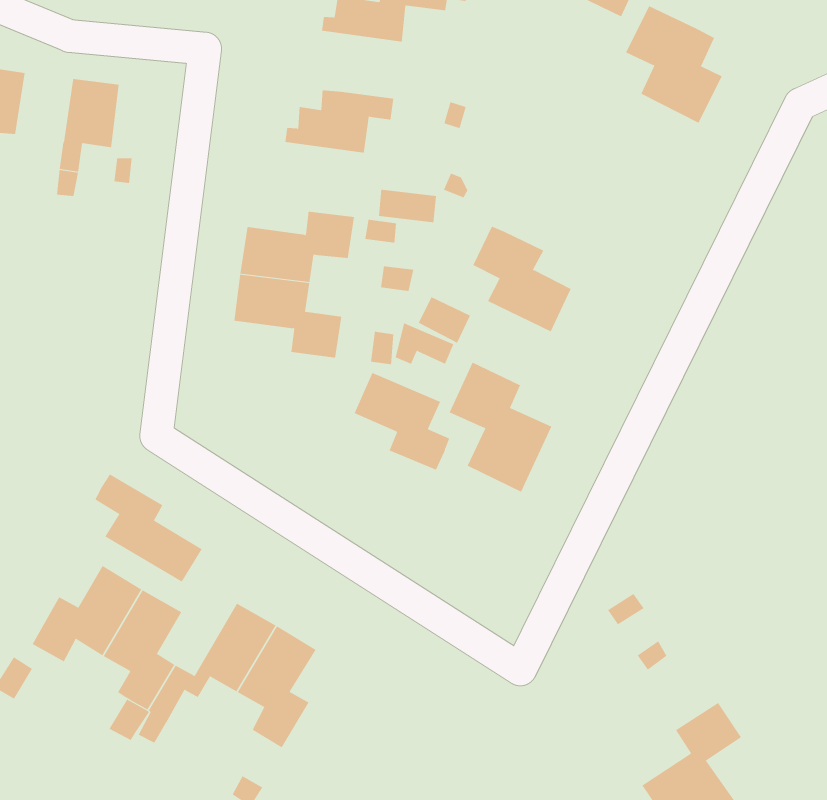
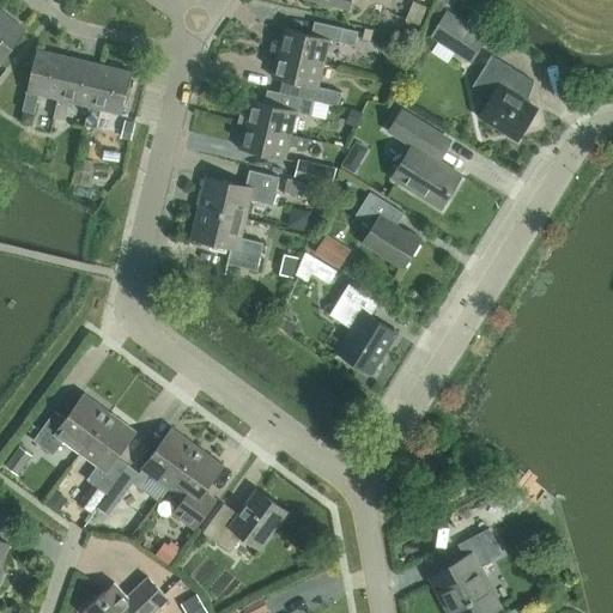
building: none -> [267,50,340,107]
building: none -> [53,57,99,121]
building: none -> [388,110,460,207]
building: none -> [235,122,306,159]
building: [354,372,450,471] -> none
building: [95,474,203,582] -> none
building: none -> [202,490,286,552]

